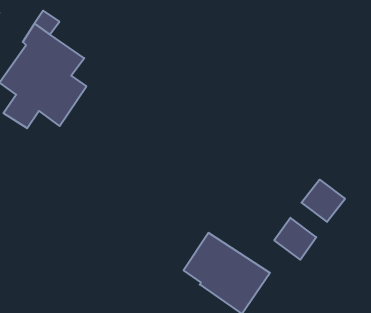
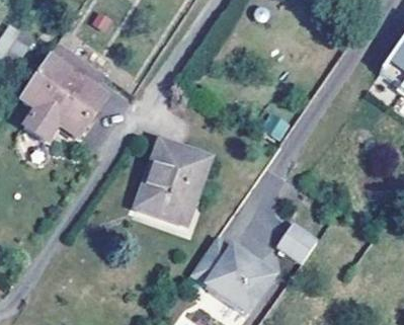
building: none -> [137,144,208,223]
building: [301,180,345,222] -> none

